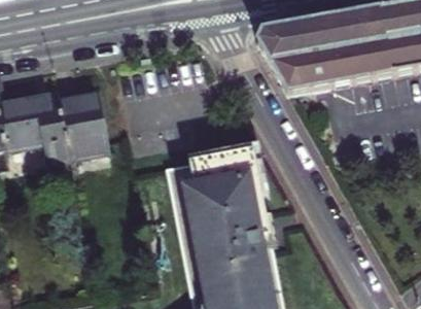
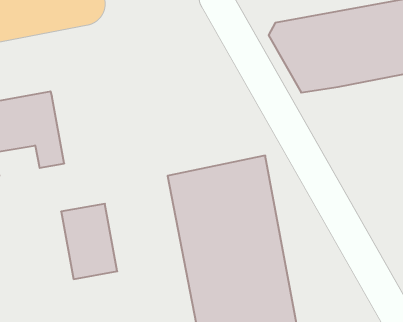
building: [59,88,110,157] -> [61,204,117,279]

